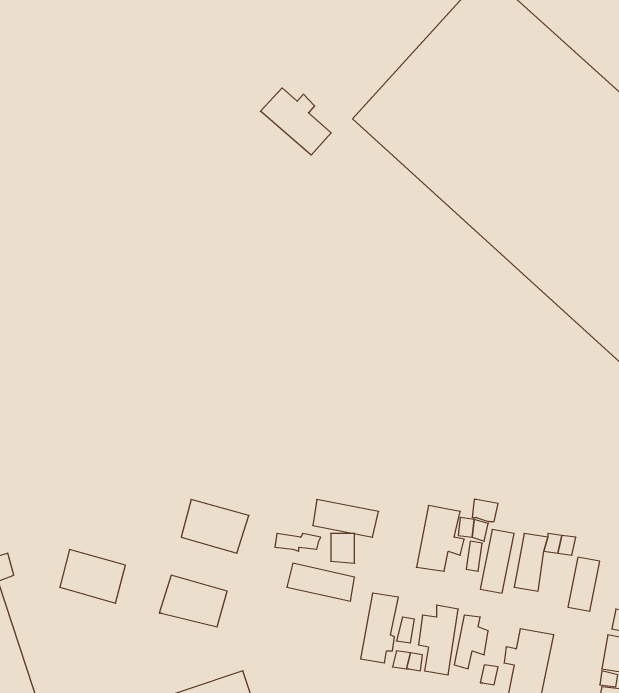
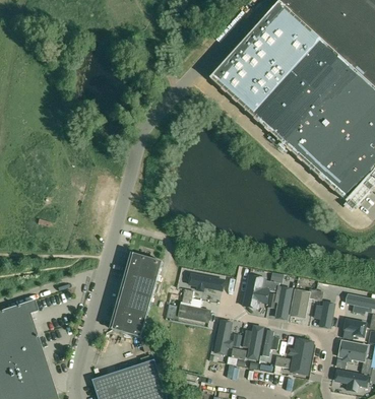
building: [260,88,331,155] -> none
building: none -> [127,253,162,279]
building: [60,549,125,603] -> [117,290,150,318]

